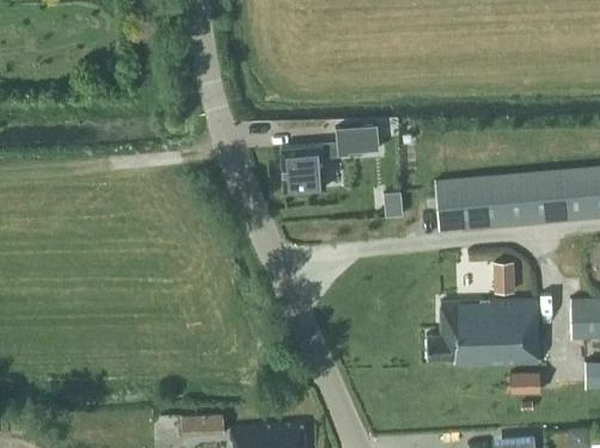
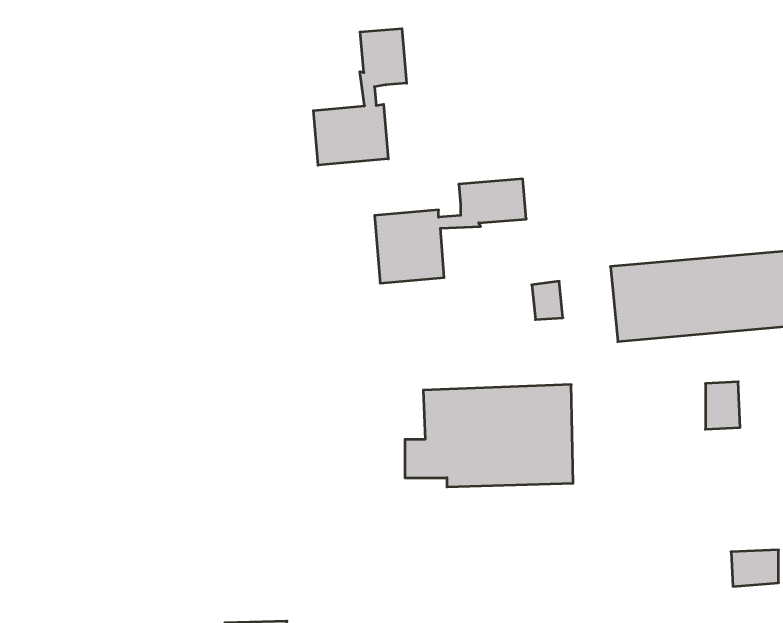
building: none -> [313,29,407,165]
building: [425,299,535,366] -> [405,385,573,487]

